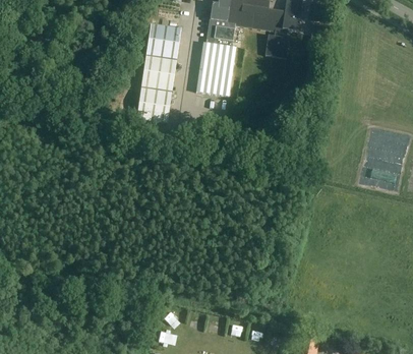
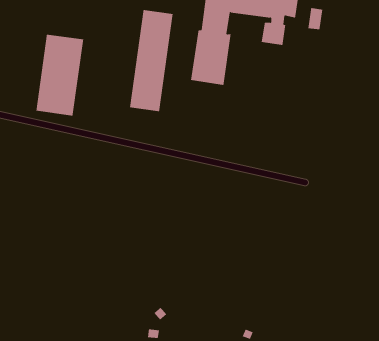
building: none -> [36,34,84,116]

